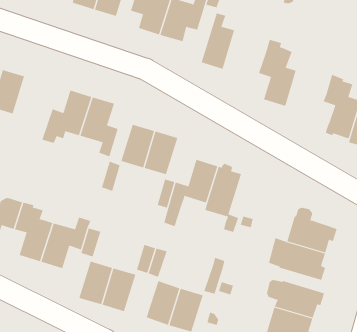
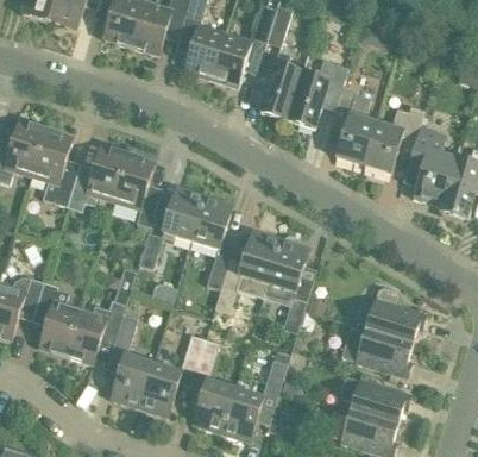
building: none -> [288,58,348,129]
building: none -> [364,106,426,174]
building: none -> [32,129,80,206]

